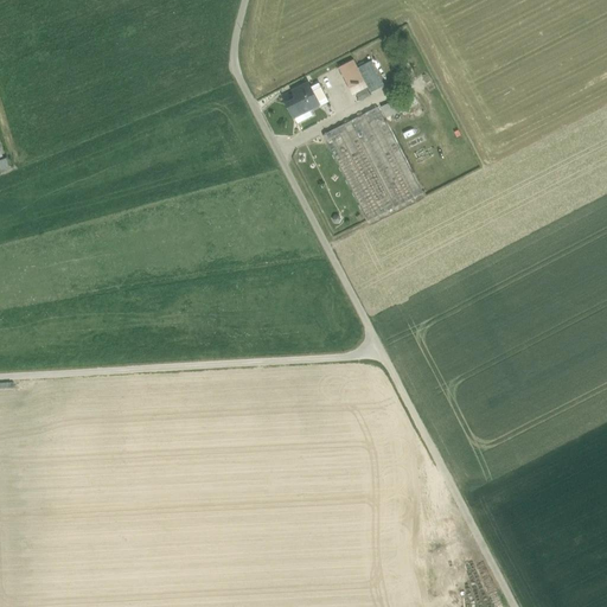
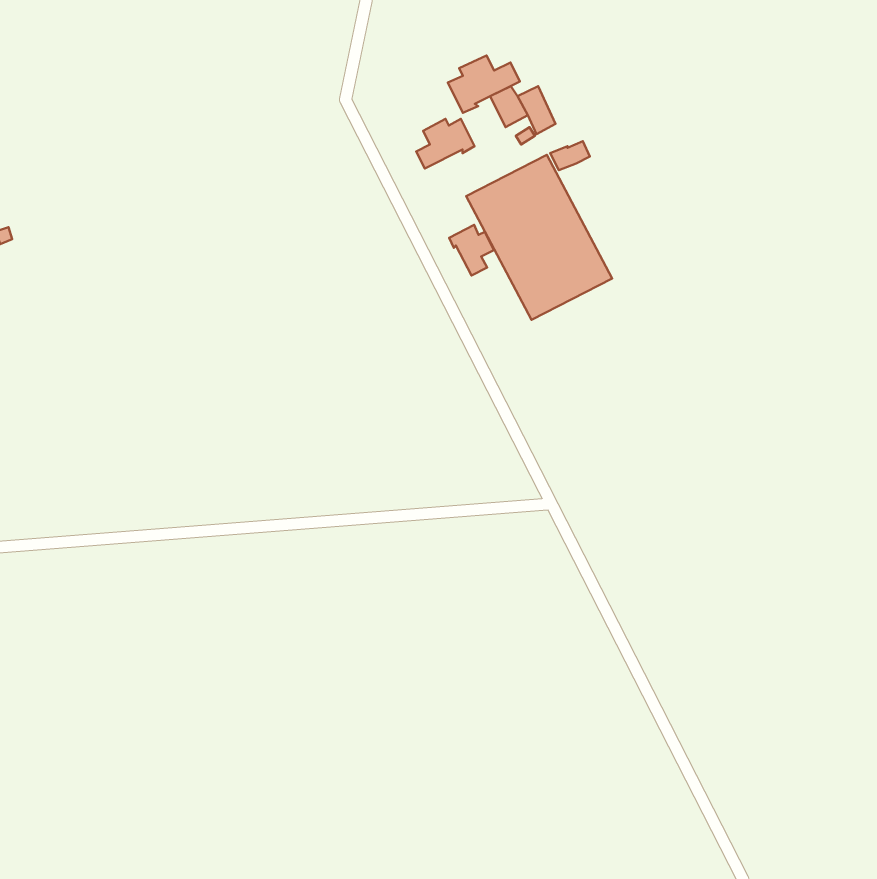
building: none -> [448,55,520,113]
building: none -> [449,225,494,276]

